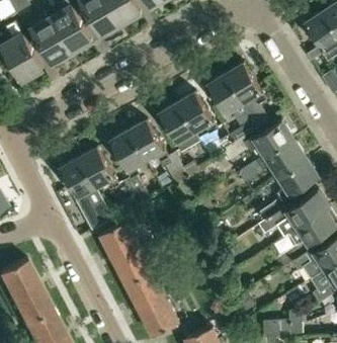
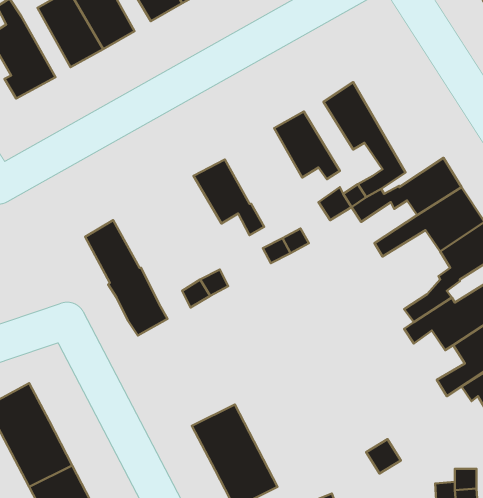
building: [226,63,269,130] -> none
building: [159,102,199,152] -> none
building: [110,132,145,179] -> none
building: [78,149,118,190] -> none
building: [100,222,153,285] -> none

